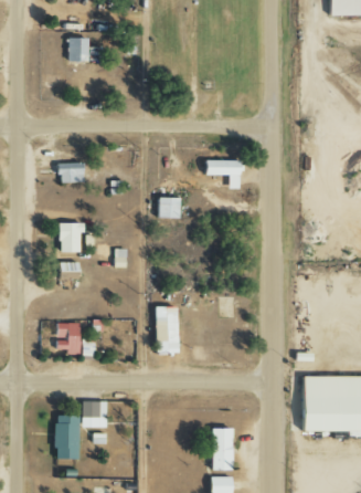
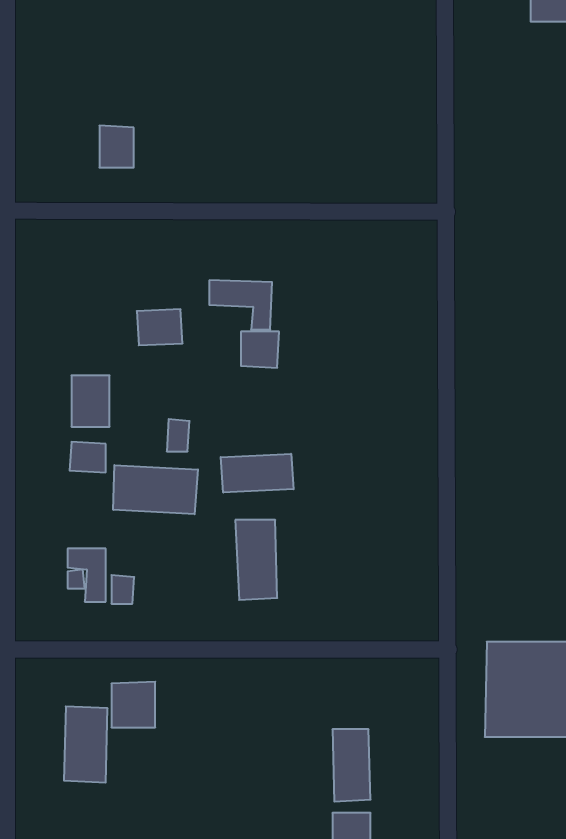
building: [70,36,89,61] -> [99,126,134,168]
building: [204,159,241,188] -> [209,280,272,330]
building: [59,161,85,182] -> [137,309,183,345]
building: none -> [221,454,294,493]
building: none -> [113,465,198,514]

